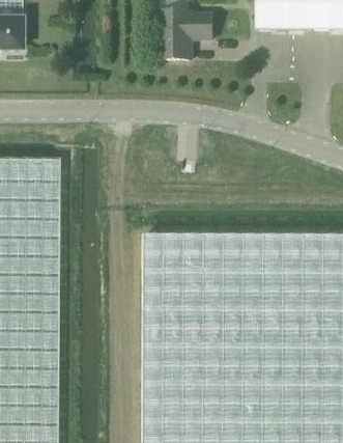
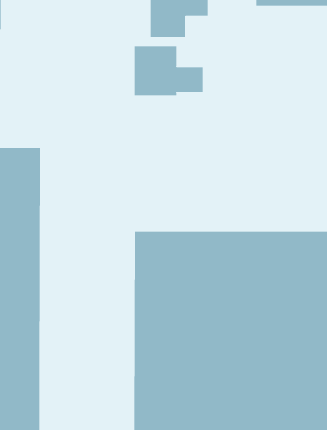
building: none -> [134,45,203,96]

